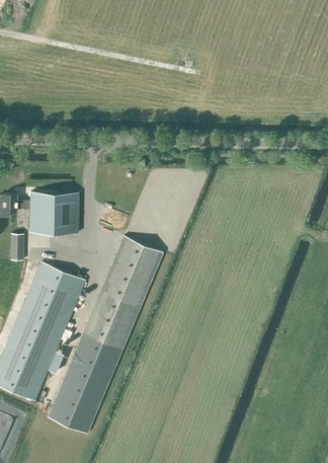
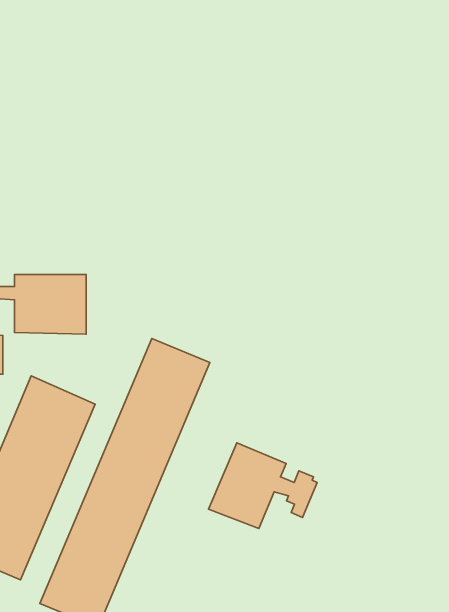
building: none -> [209,443,317,528]

